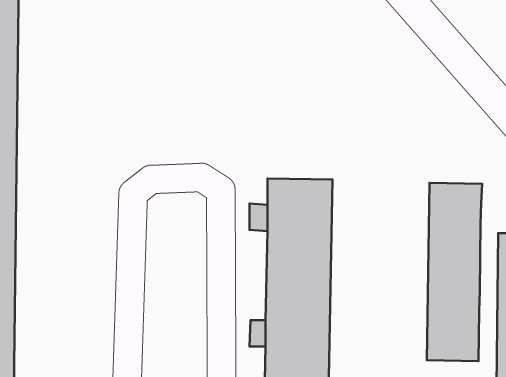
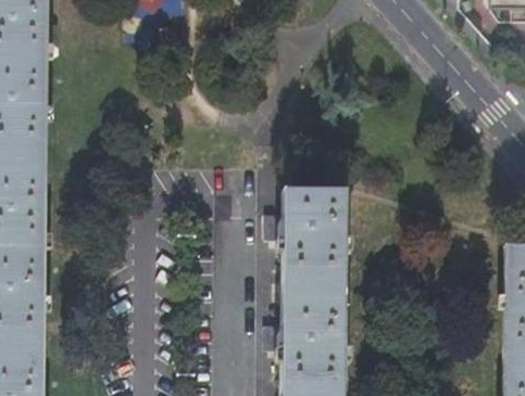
building: [427,183,482,361] -> none

